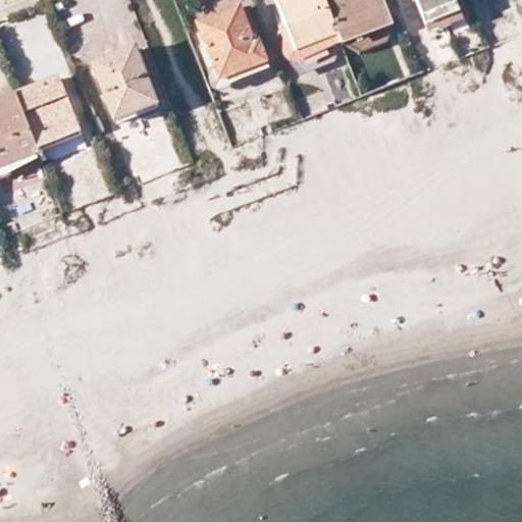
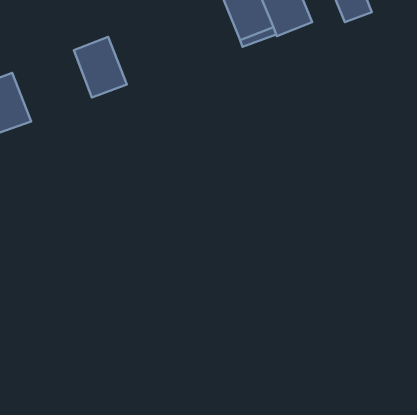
building: [201,8,270,83] -> none
building: [15,74,80,146] -> none

